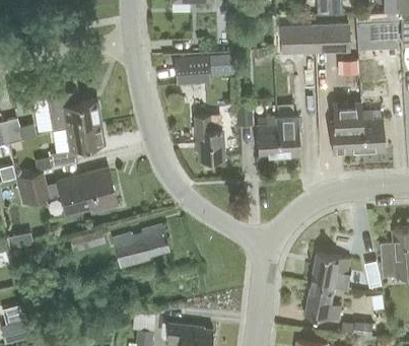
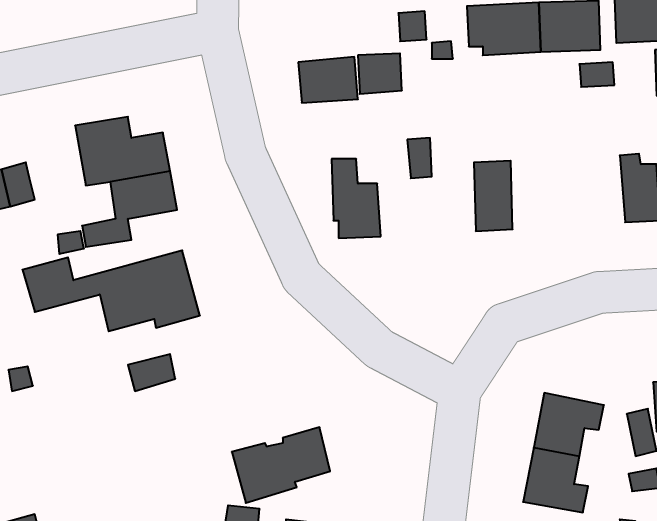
building: [330,103,363,154] -> none
building: [255,118,277,157] -> none
building: [112,224,168,268] -> [232,427,330,503]

